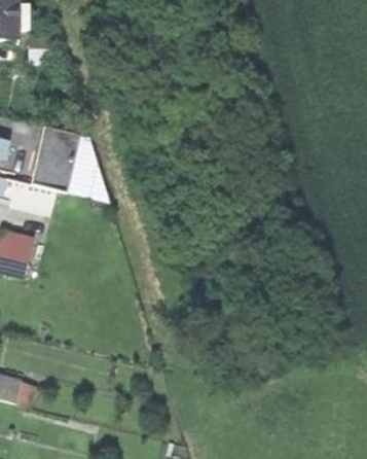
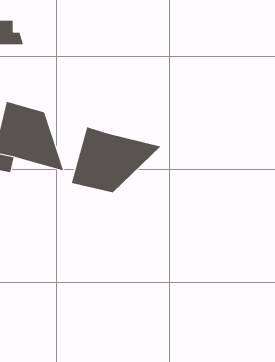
building: none -> [71,127,162,193]

